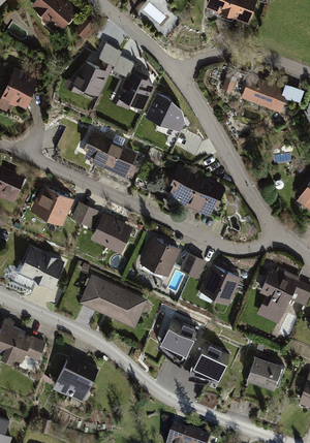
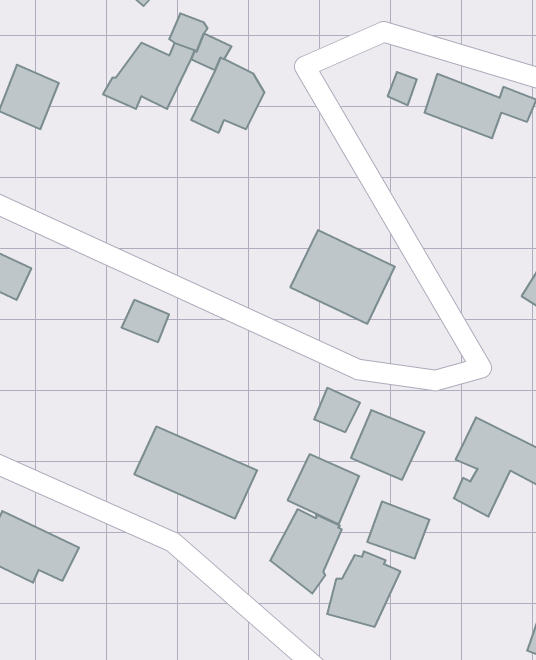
building: [142,87,184,131] -> none
building: [83,126,140,175] -> none
building: [29,185,73,224] -> none
building: [91,216,131,254] -> none
building: [140,238,180,277] -> [288,454,359,524]
building: [20,248,65,289] -> none
building: [54,354,99,401] -> none
building: [248,355,283,387] -> [367,501,430,558]

